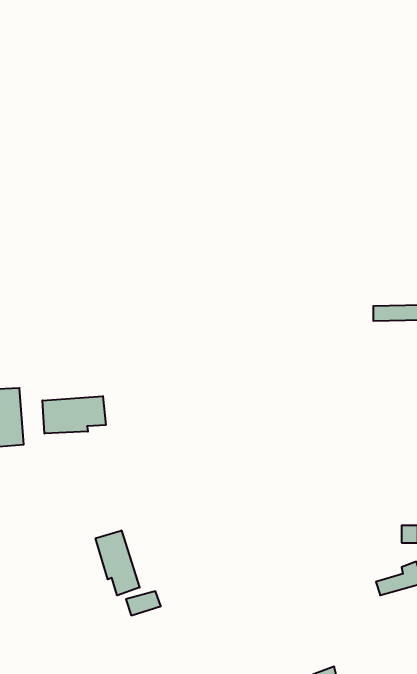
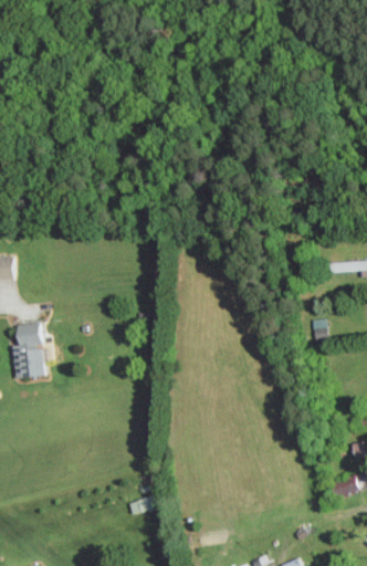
building: [42,396,106,434] -> none
building: [96,530,140,595] -> none

